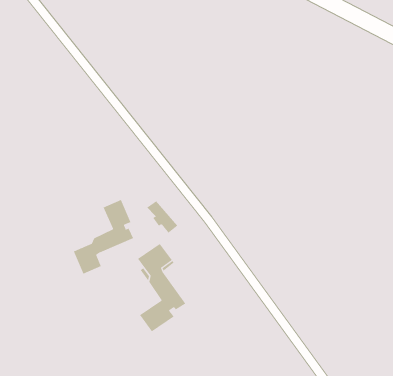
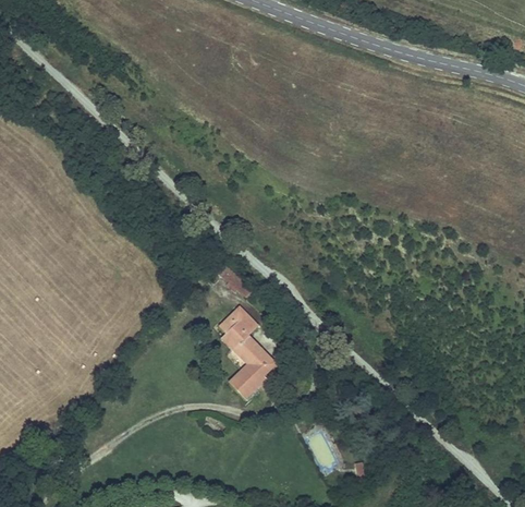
building: [73,199,134,274] -> none

